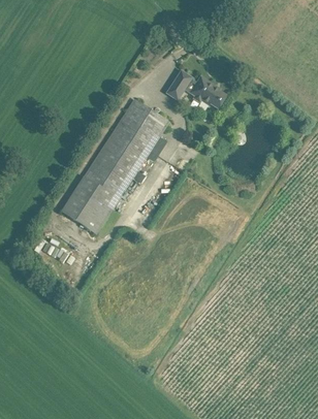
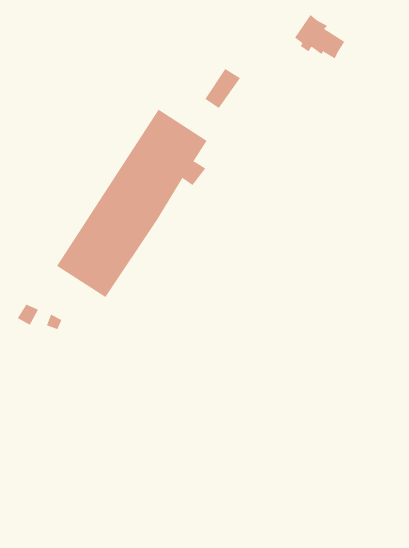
building: [189,76,225,108] -> [294,14,345,59]

